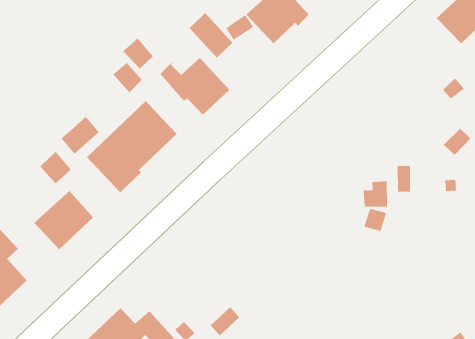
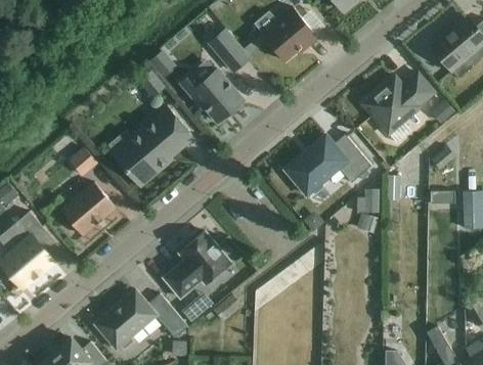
building: none -> [362,73,433,134]
building: [61,116,99,154] -> none
building: none -> [284,134,371,194]
building: none -> [163,231,230,298]

